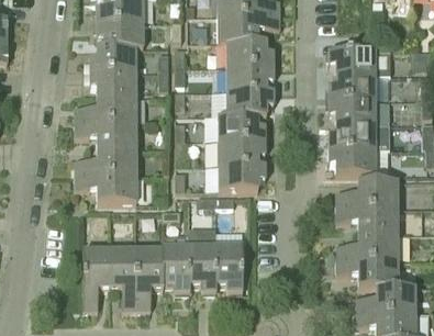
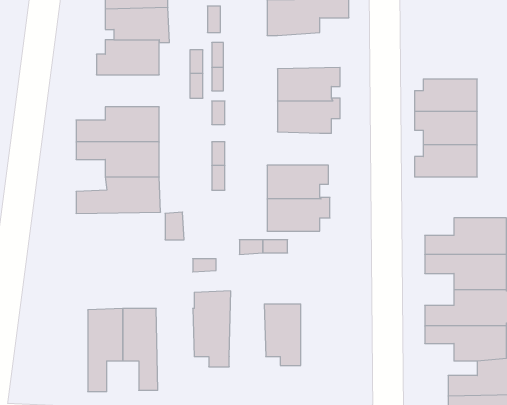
building: [225,40,272,67] -> none
building: [329,48,376,75] -> none
building: [89,71,136,96] -> none
building: [218,114,264,139] -> none
building: [327,148,376,172] -> none
building: [74,175,137,200] -> none
building: [189,227,216,291] -> none
building: [134,247,163,309] -> none

